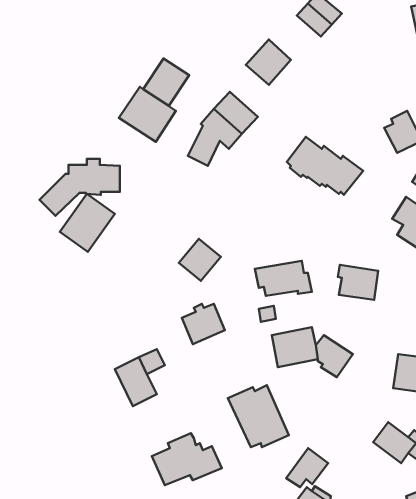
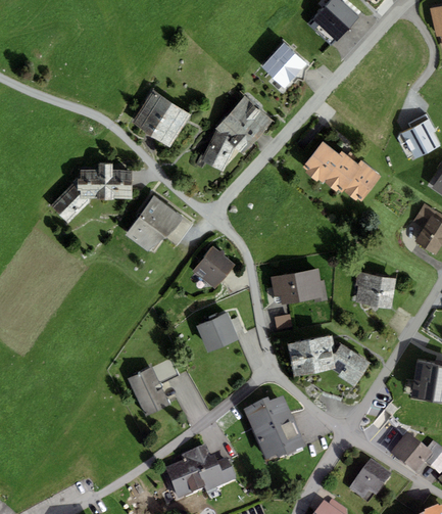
building: [143,58,189,106] -> none
building: [60,194,115,252] -> [127,194,183,253]
building: [286,448,328,487] -> [348,458,391,498]

